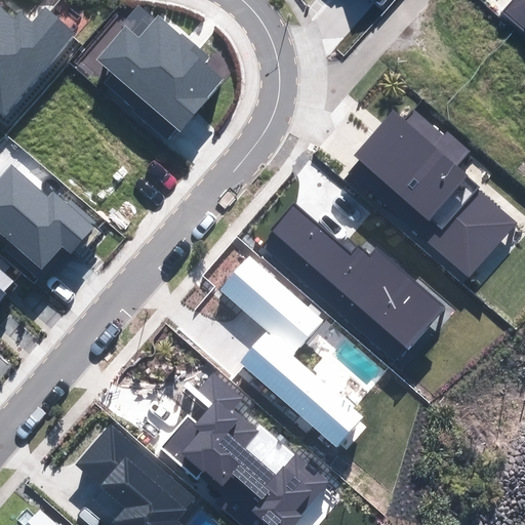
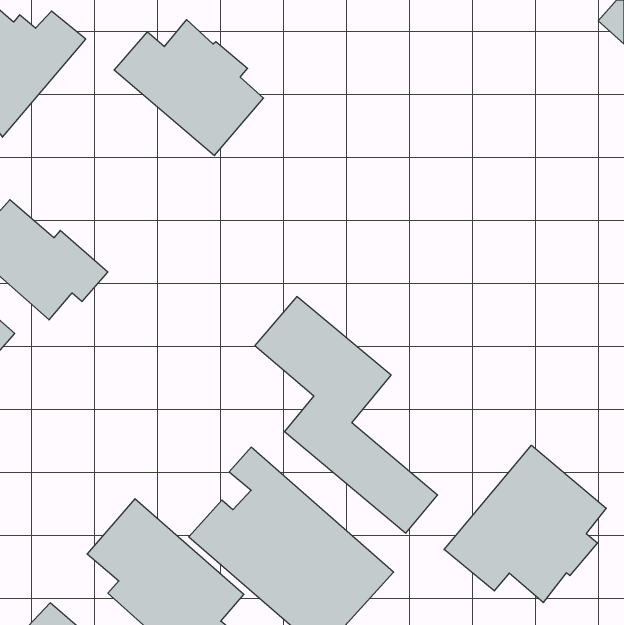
building: [355,107,518,279] -> none
building: [274,204,442,345] -> none
building: none -> [444,445,606,603]

